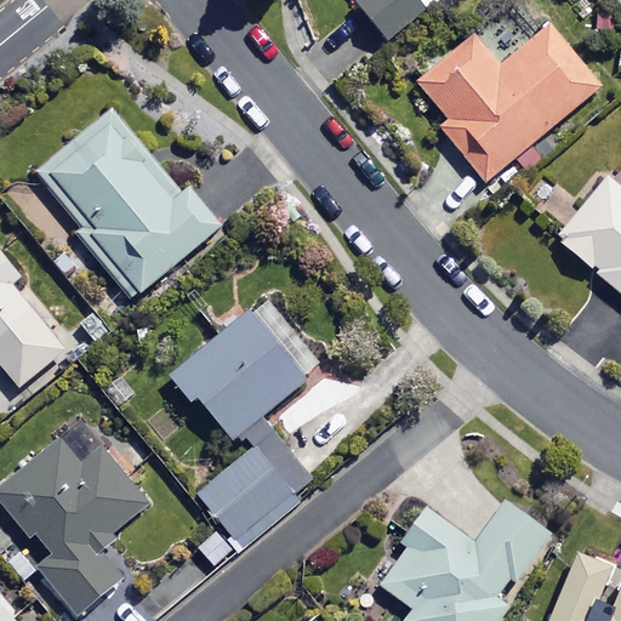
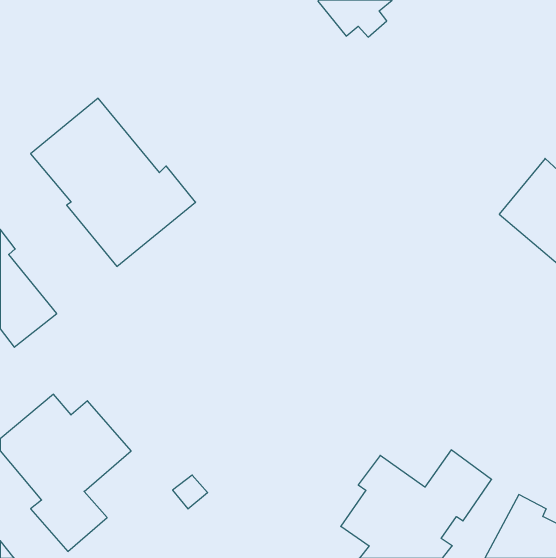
building: [417,24,599,180] -> none
building: [170,309,315,545] -> none

